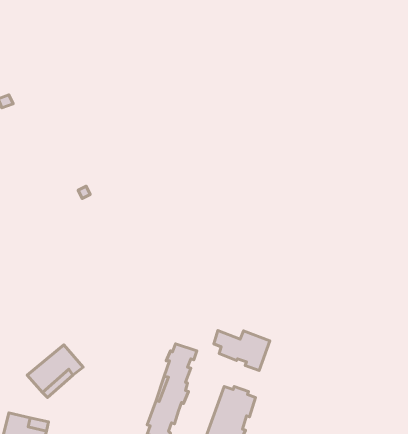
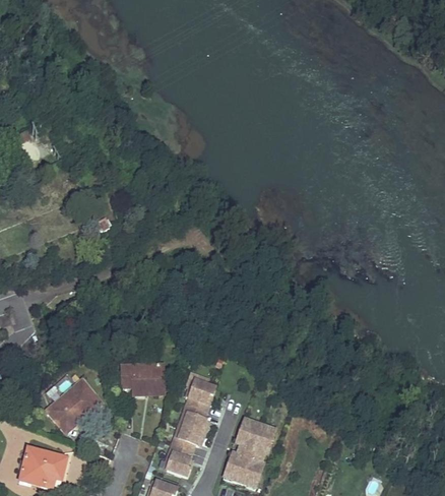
building: none -> [121,363,164,393]
building: [214,331,270,370] -> none

